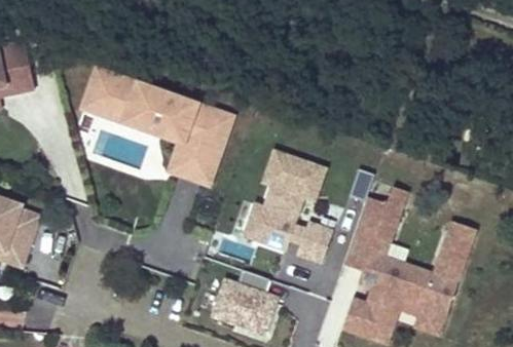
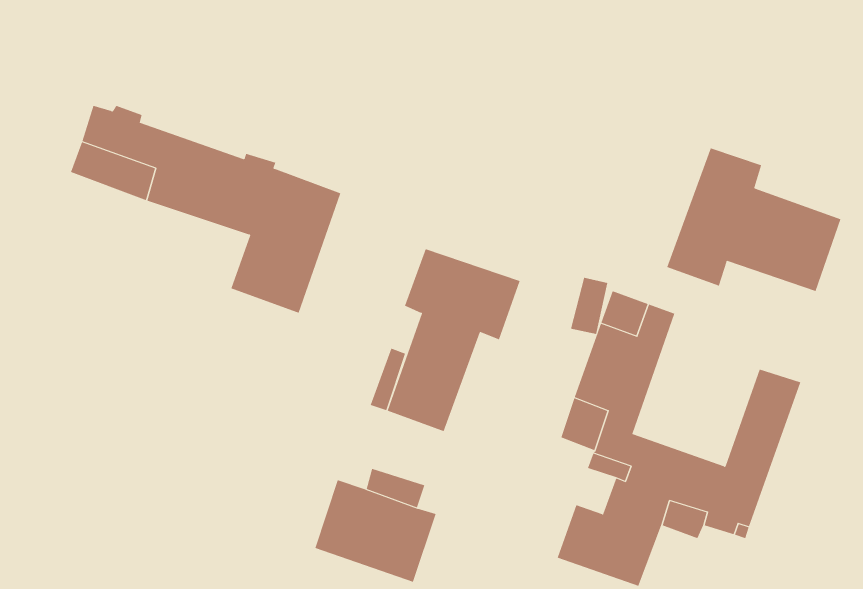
building: none -> [667,148,841,292]
building: [296,223,332,264] -> none

